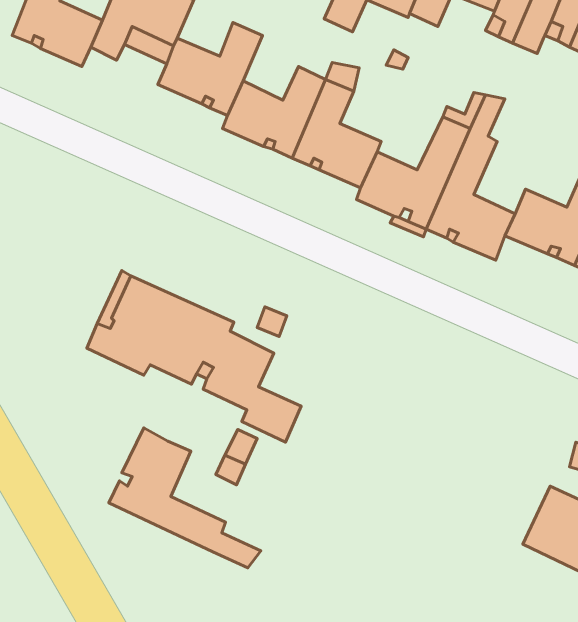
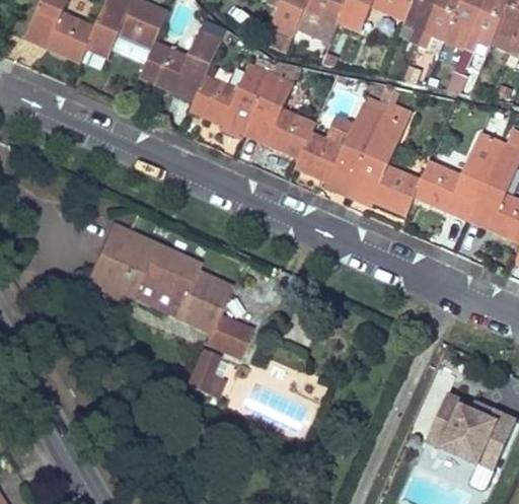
building: [109,428,261,568] -> none

